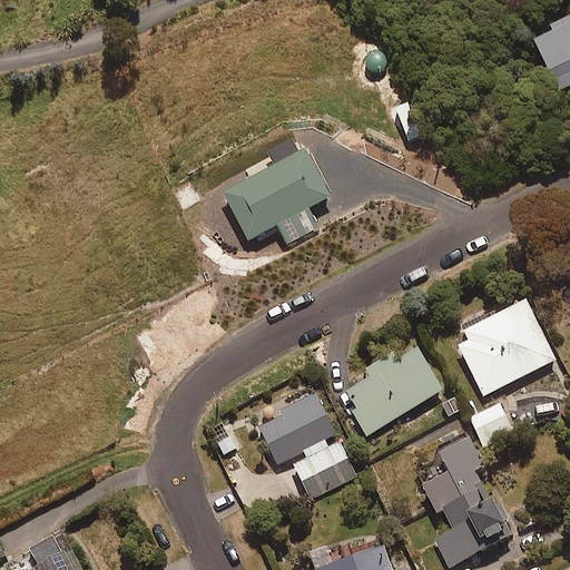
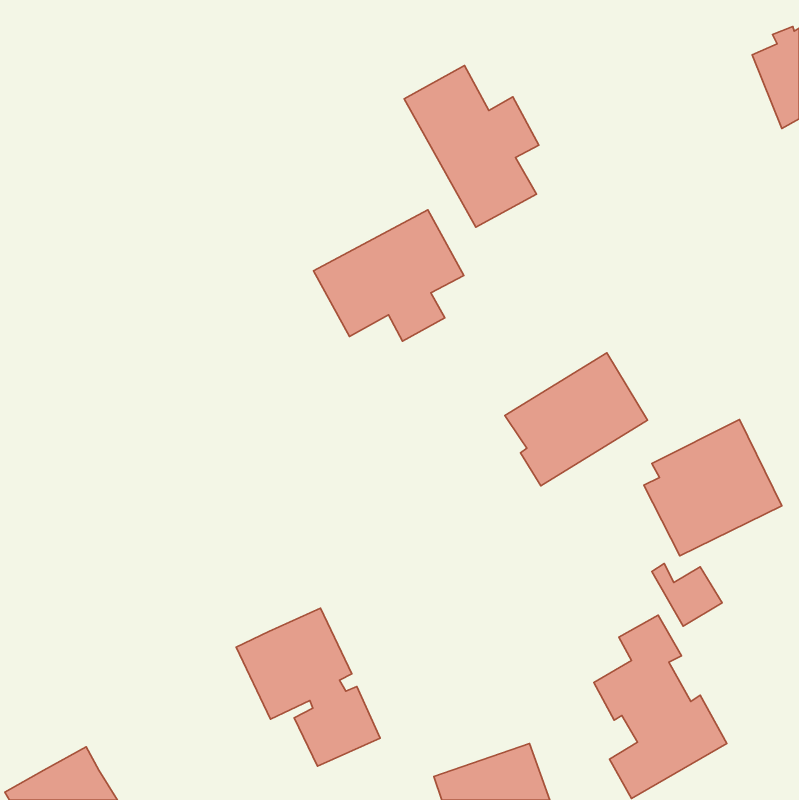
building: none -> [404,66,539,227]
building: [340,342,441,436] -> [505,353,647,486]
building: [252,385,354,498] -> [236,608,380,766]

